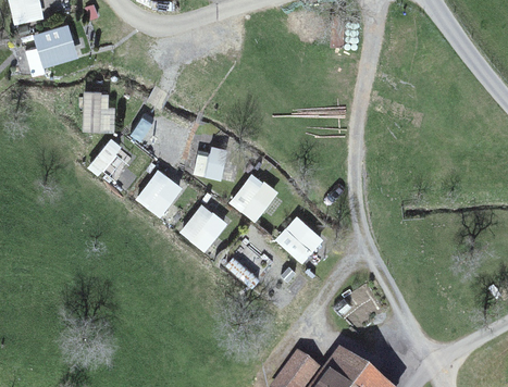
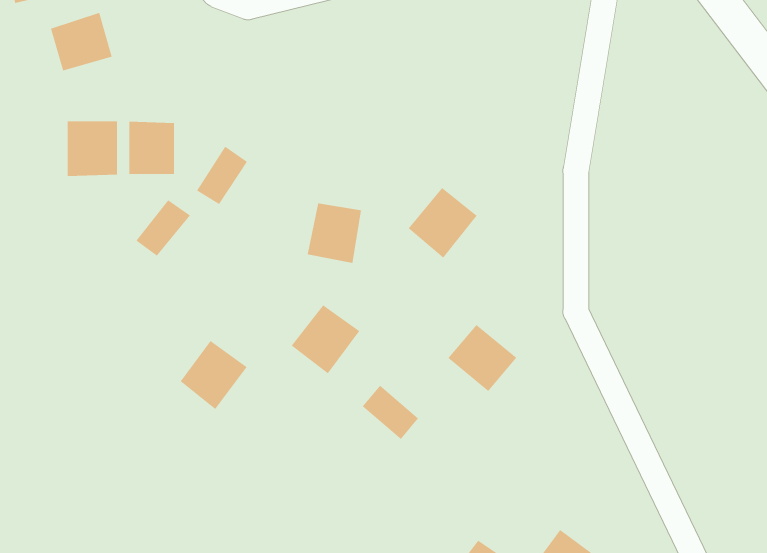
building: none -> [67,120,118,177]
building: [138,174,179,216] -> [180,340,248,410]
building: [231,174,273,217] -> [408,187,477,258]

